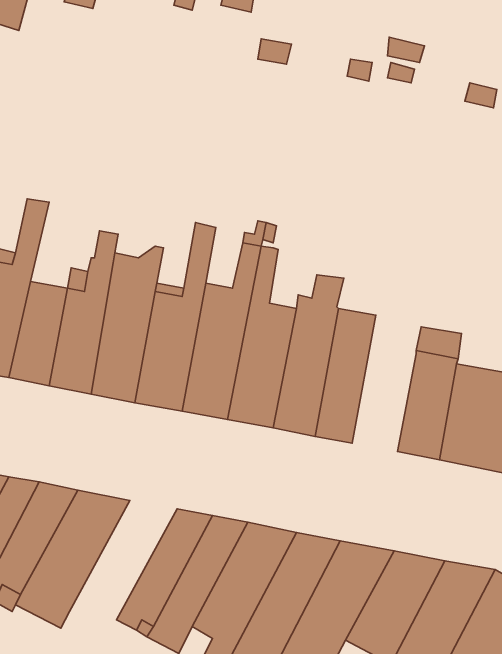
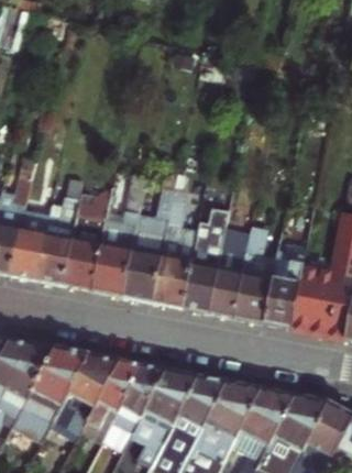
building: none -> [235,224,277,322]
building: none -> [51,354,121,441]

